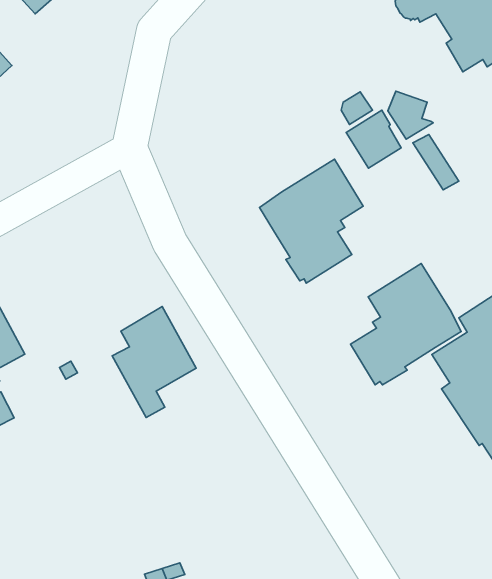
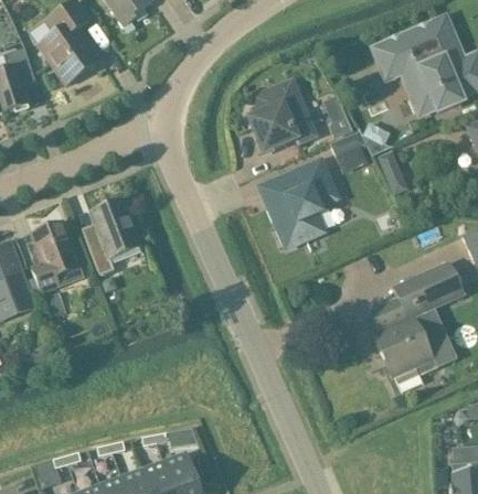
building: none -> [245,79,316,151]
building: [351,264,461,385] -> none
building: [112,306,196,418] -> [82,197,140,275]

